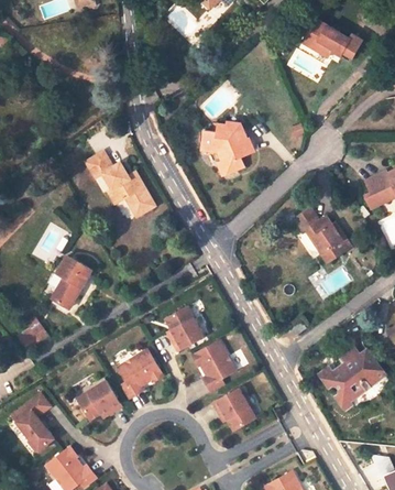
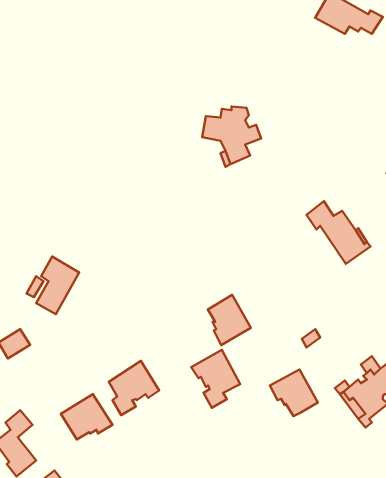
building: [84,151,155,217] -> none
building: [165,305,204,350] -> [208,295,251,345]
building: [212,388,255,429] -> [270,369,318,416]

